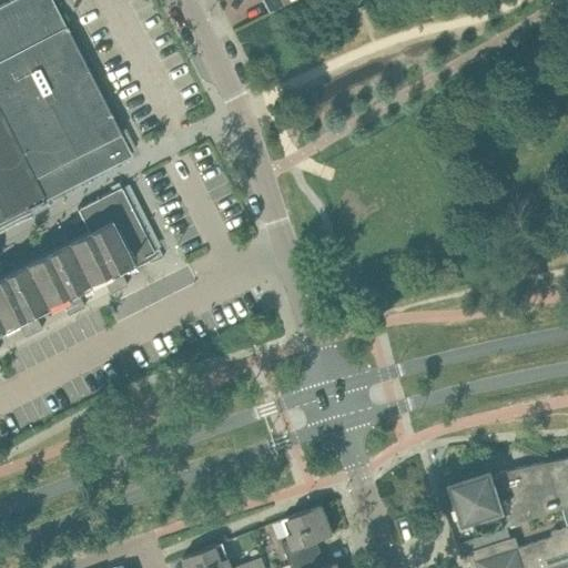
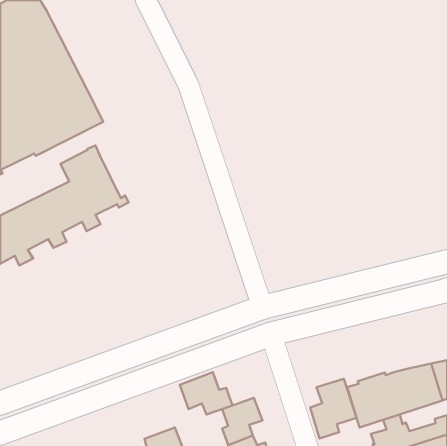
building: none -> [180,372,232,414]
building: none -> [310,379,357,438]

